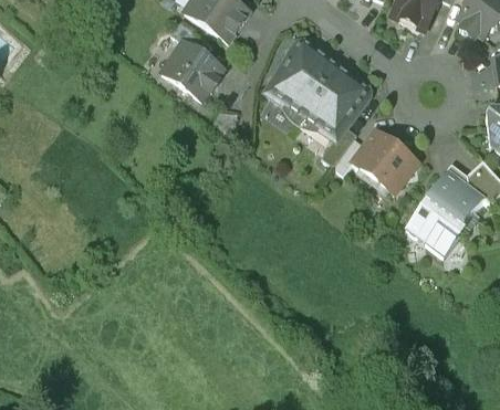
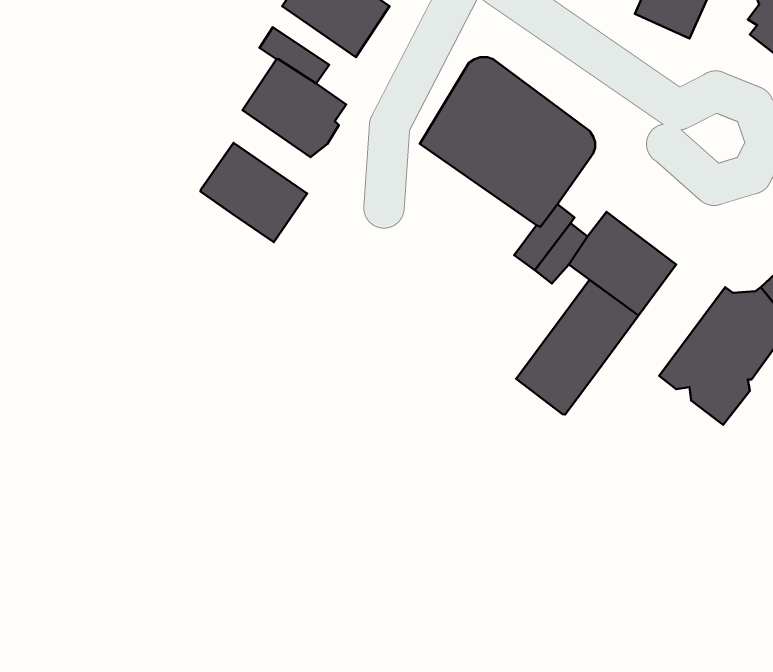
building: none -> [200,143,307,242]
building: none -> [516,280,638,415]

